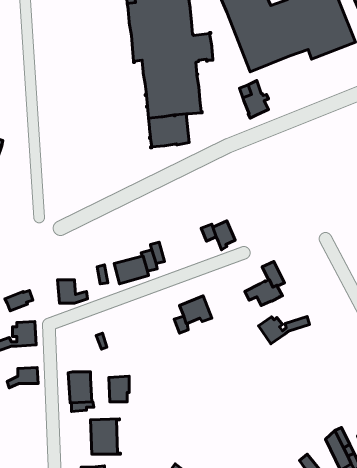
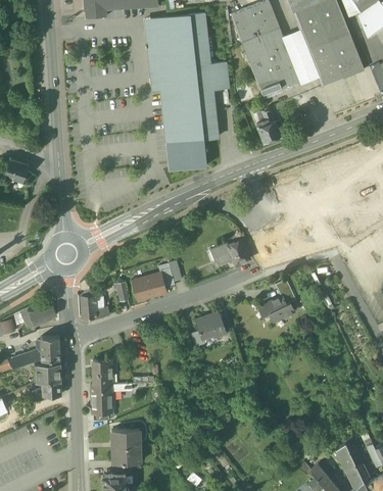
building: [258,316,310,344] -> none
building: none -> [35,363,60,382]
building: [109,376,129,402] -> [93,360,112,385]

